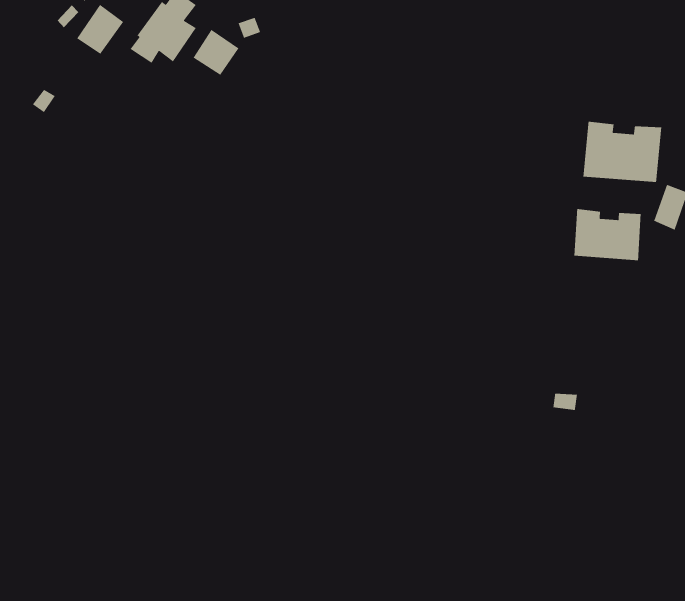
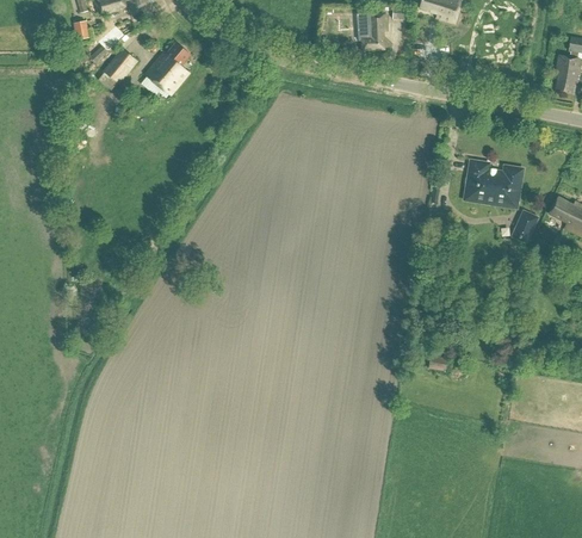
building: [192,29,240,76] -> none
building: [574,208,641,261] -> none

